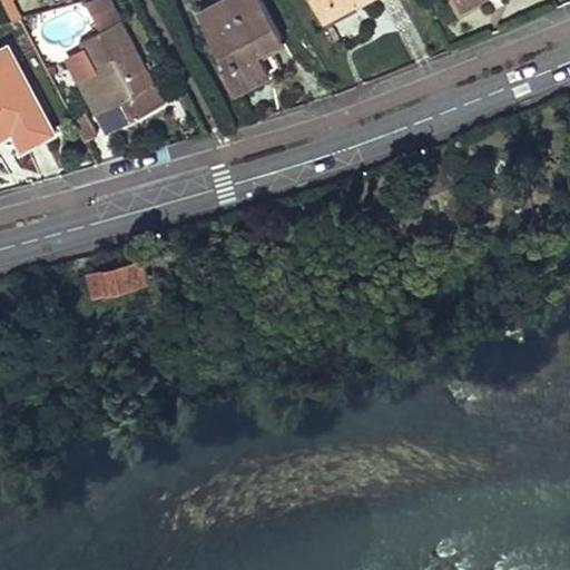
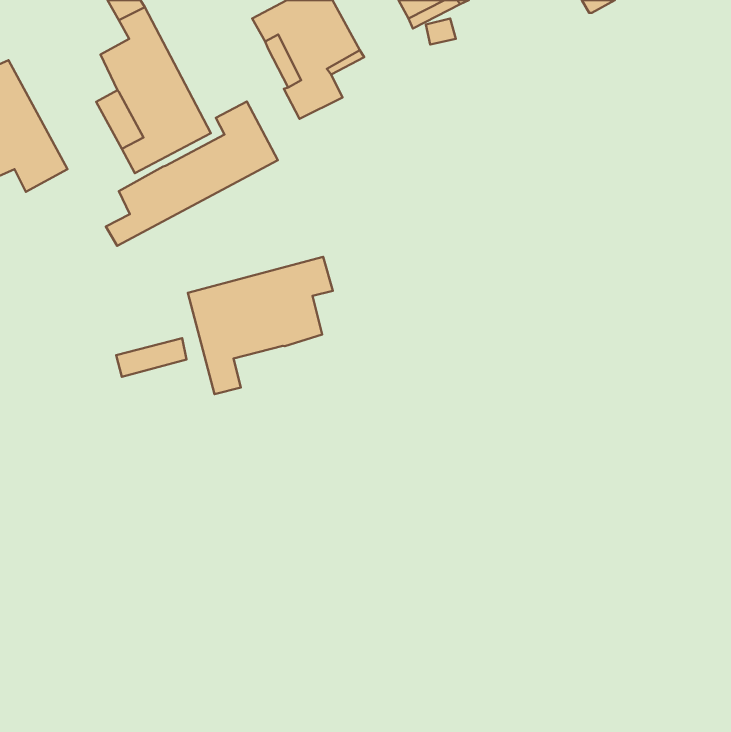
building: none -> [106,101,278,246]
building: none -> [188,257,333,394]

